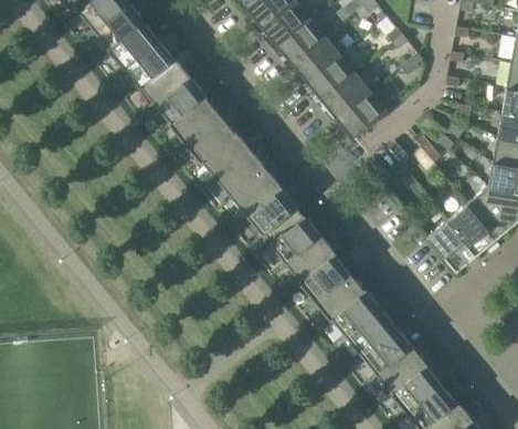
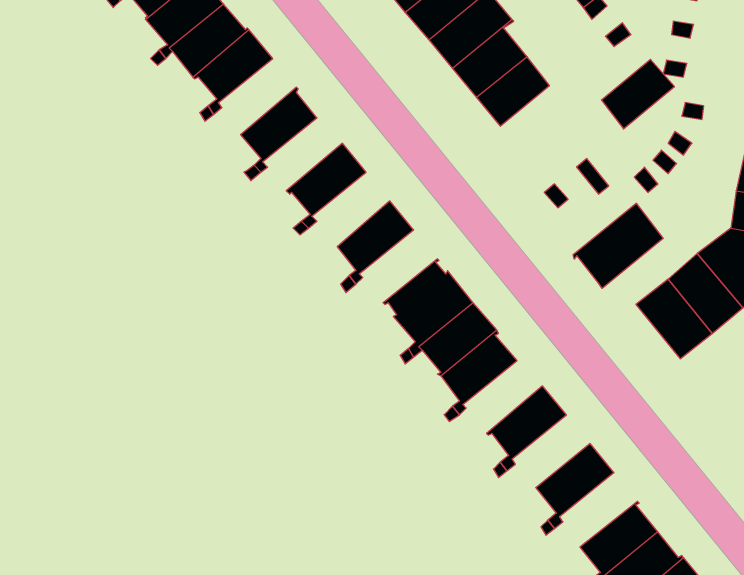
building: [156,75,207,125] -> none
building: [339,93,387,138] -> [601,59,674,129]
building: [184,114,236,161] -> none
building: [216,149,267,198] -> none
building: none -> [573,203,663,288]
building: [247,187,298,234] -> none
building: [315,272,367,320] -> none
building: [347,307,398,355] -> none
building: [378,345,429,394] -> none

